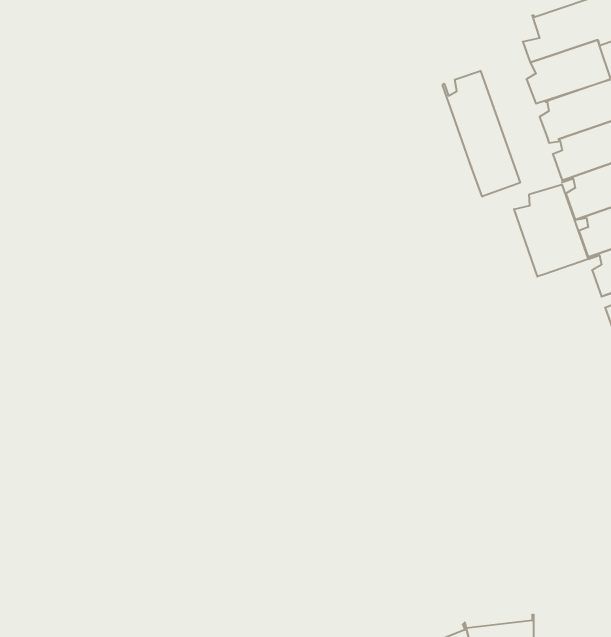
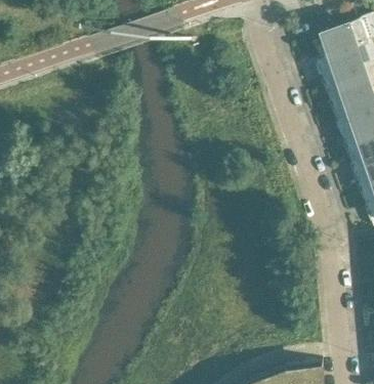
building: [443,71,520,197] -> none
building: [514,184,588,277] -> none

